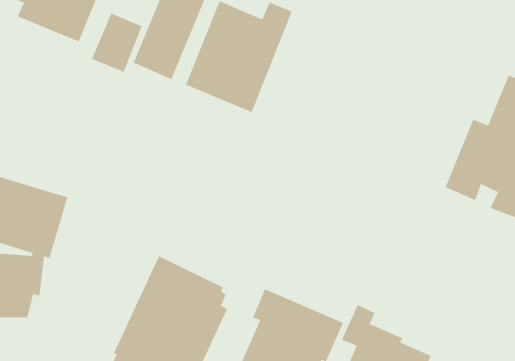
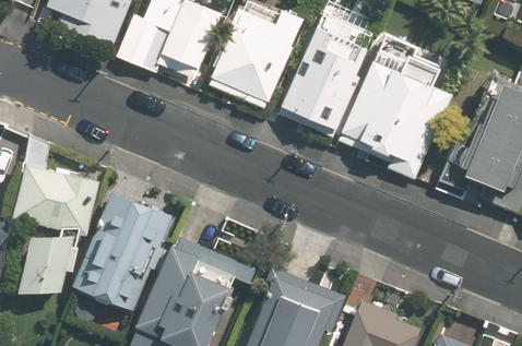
building: none -> [282,32,371,136]
building: none -> [342,61,449,177]
building: none -> [74,190,174,310]

